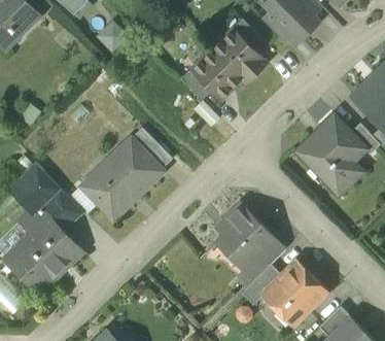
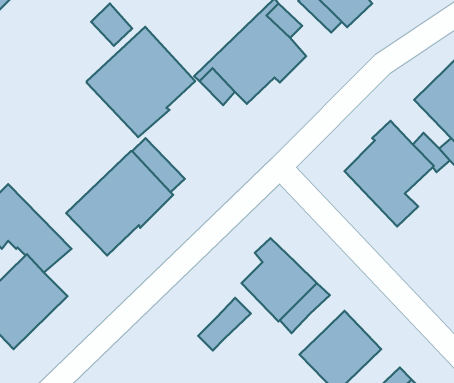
building: none -> [87,27,195,137]
building: [242,264,283,305] -> [198,298,251,350]

